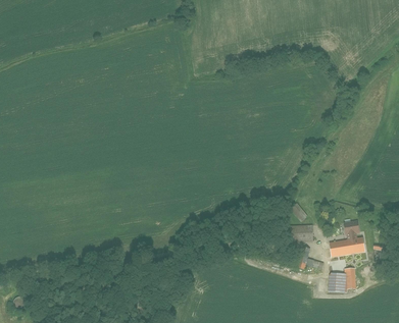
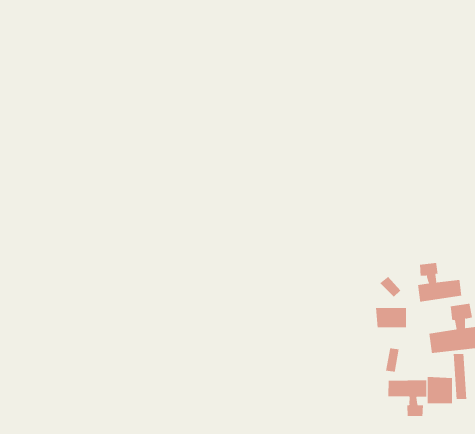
building: none -> [417,262,462,302]
building: none -> [388,379,427,417]

